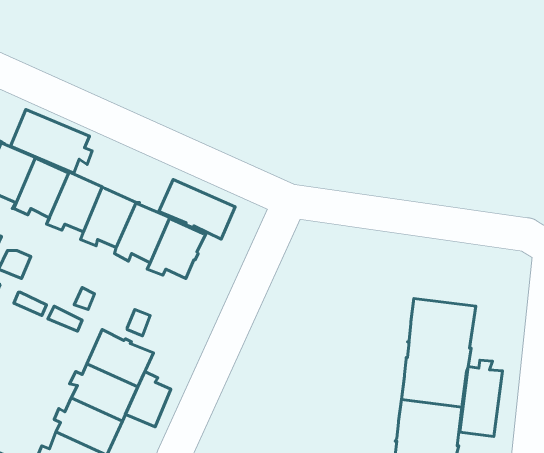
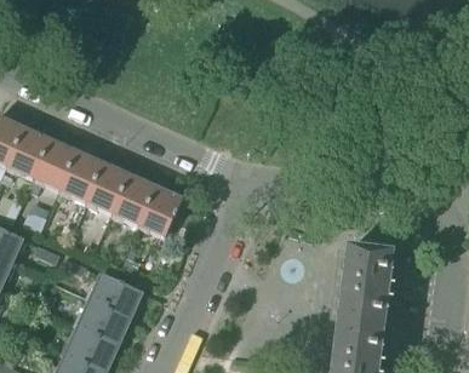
building: [10,109,92,173] -> none
building: [159,179,235,239] -> none
building: [460,360,502,436] -> none
building: [125,372,171,427] -> none

